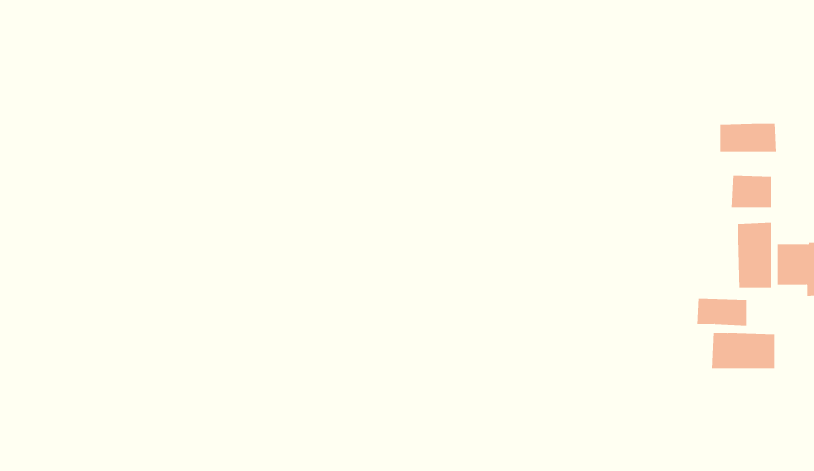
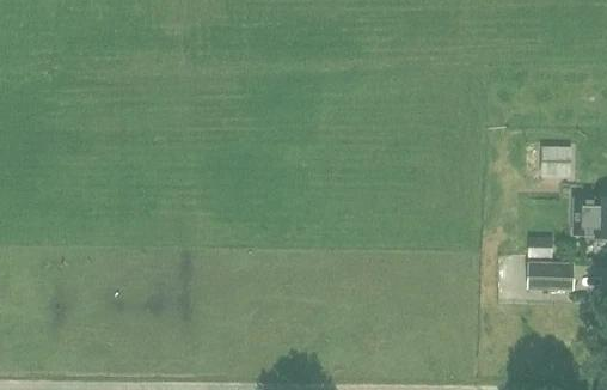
building: [720,123,777,152] -> none
building: [737,222,771,288] -> none

